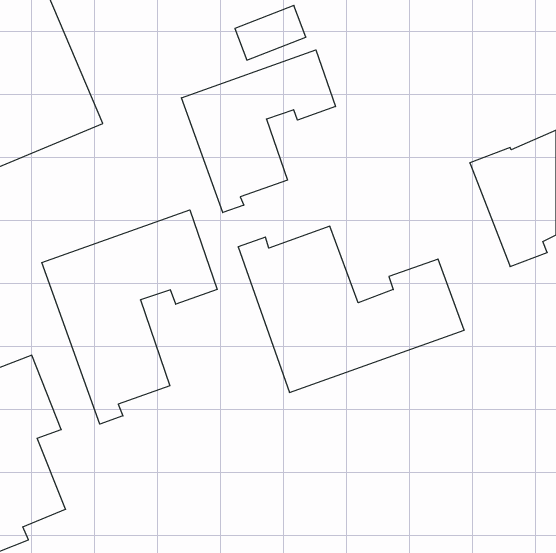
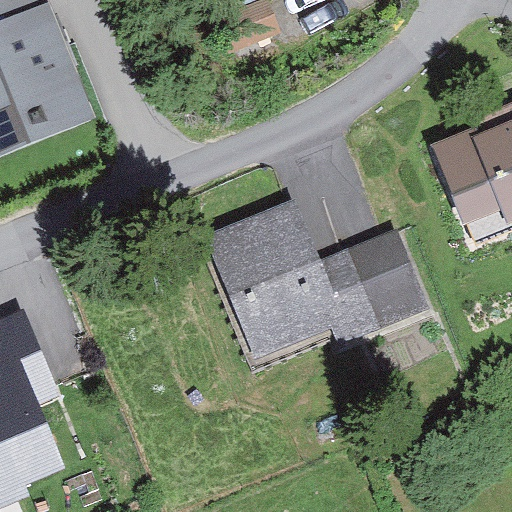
building: [181,50,335,213] -> none
building: [42,210,217,424] -> none

